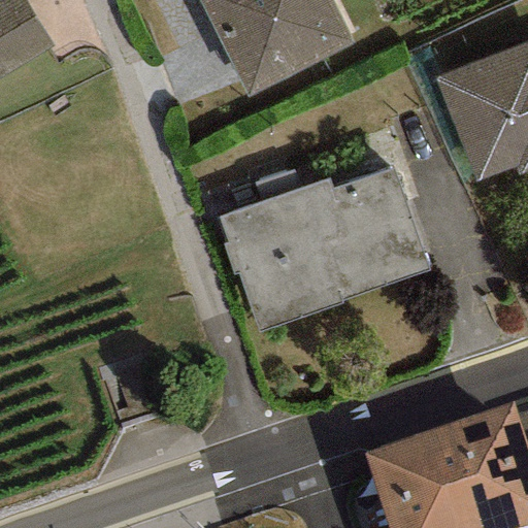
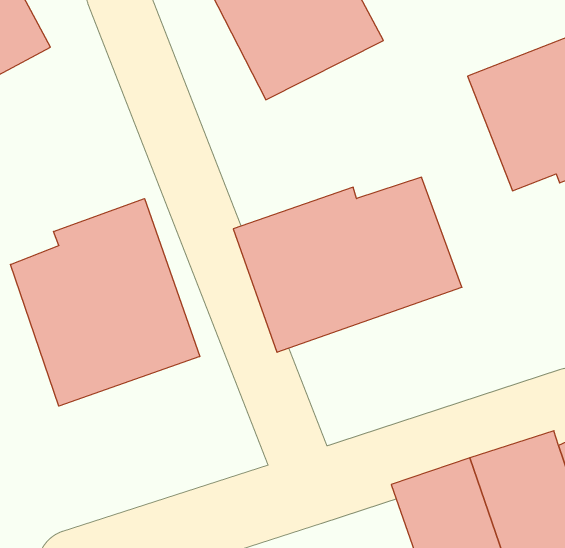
building: none -> [10,199,200,406]

